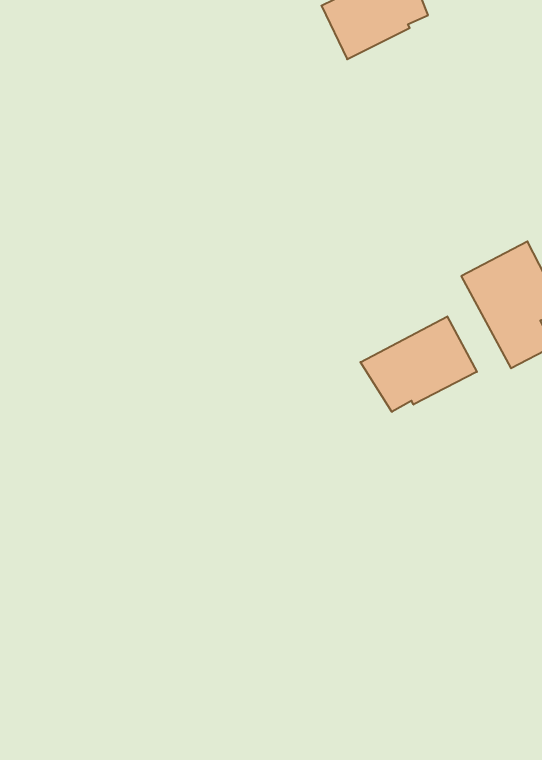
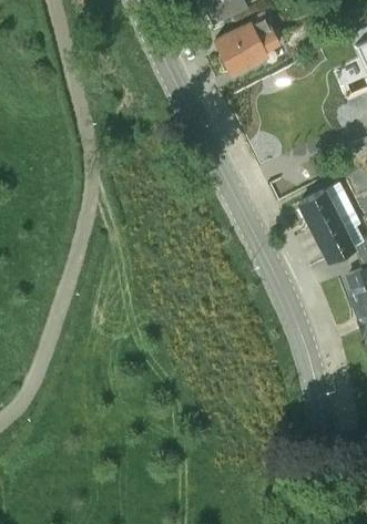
building: [360,316,477,412] -> none

